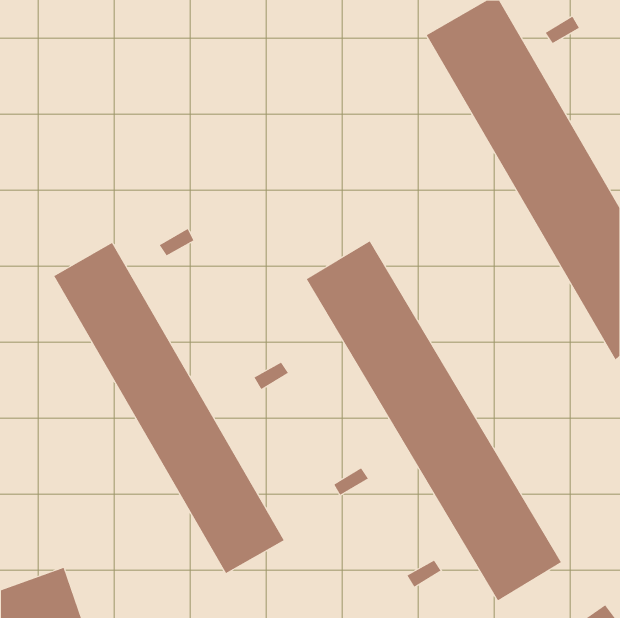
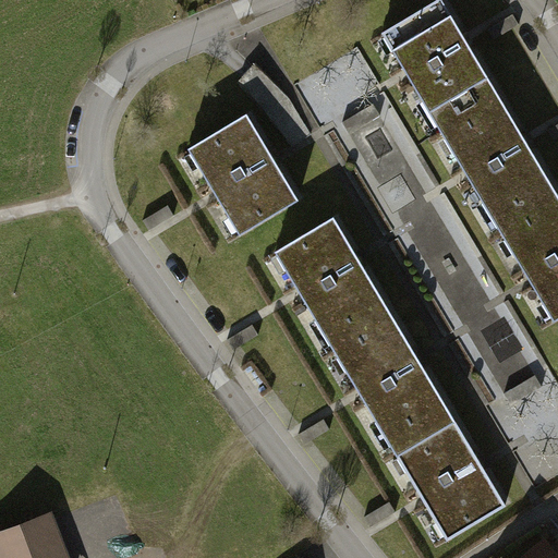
building: none -> [189,108,306,235]
building: [53,242,285,574] -> none

